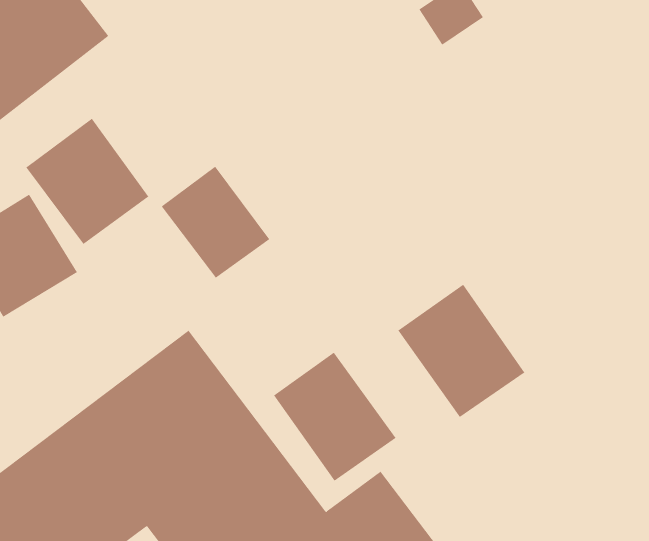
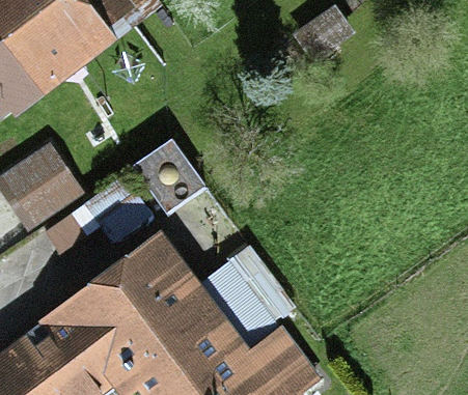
building: [26,118,149,245] -> none
building: [398,284,525,418] -> none

